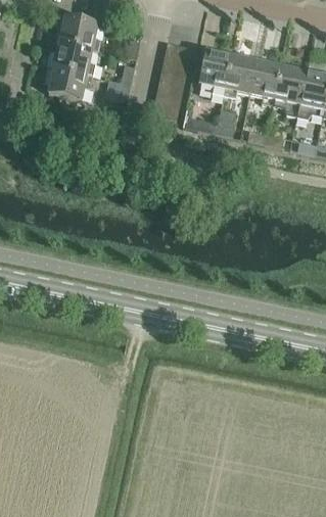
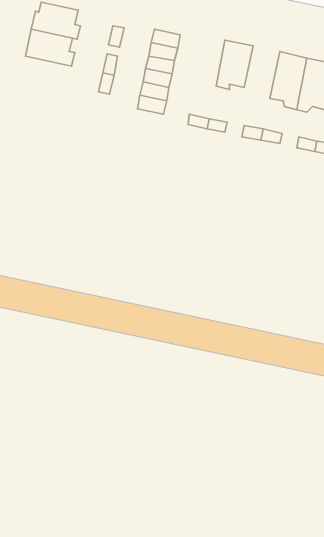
building: [199,48,232,94] -> none
building: [249,57,282,105] -> none
building: [47,66,92,100] -> none

